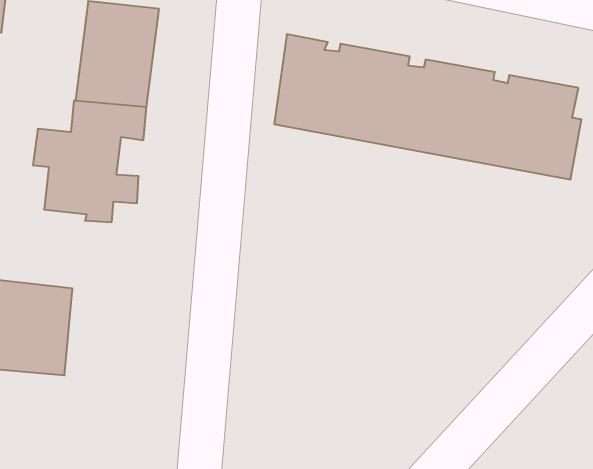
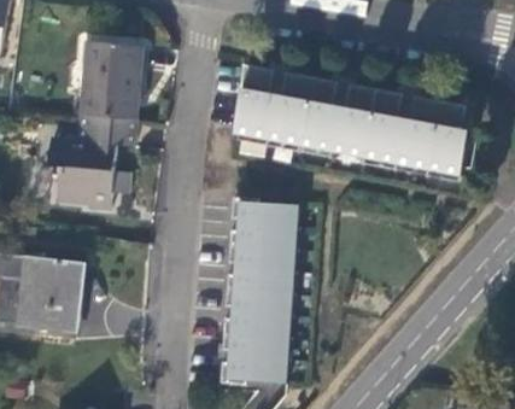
building: none -> [218,198,295,384]

